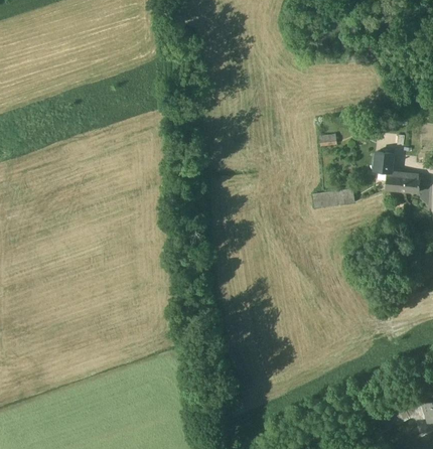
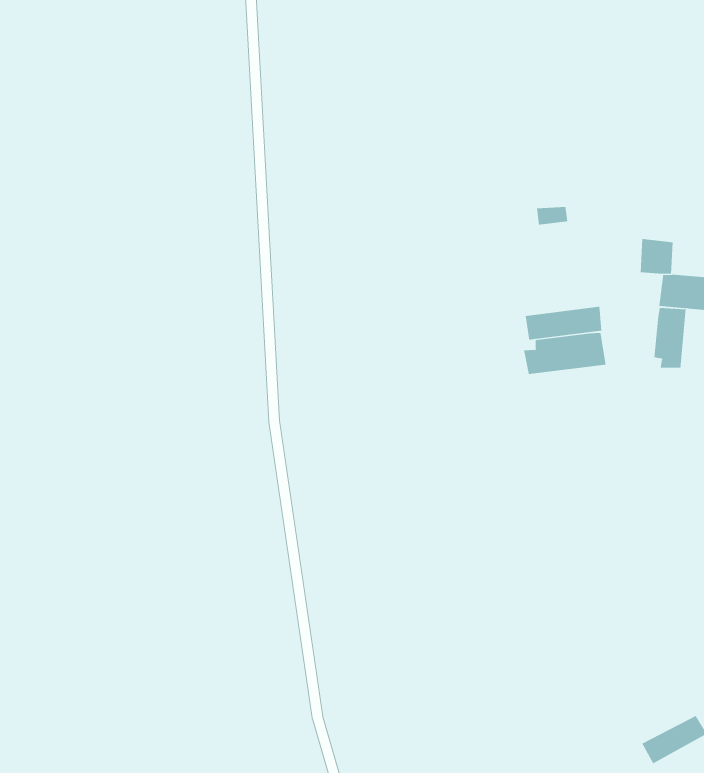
building: none -> [654,307,686,369]
building: none -> [523,332,606,375]

